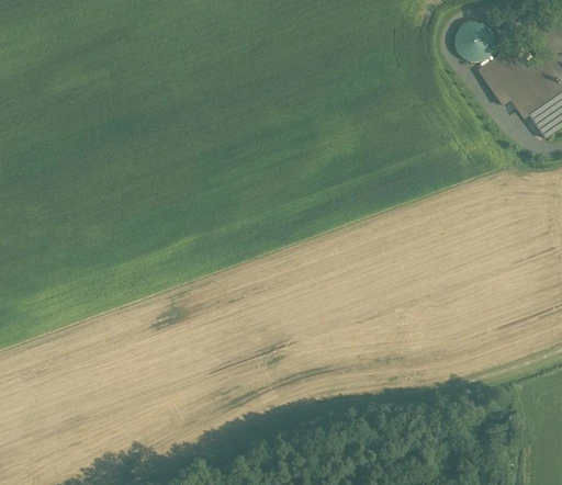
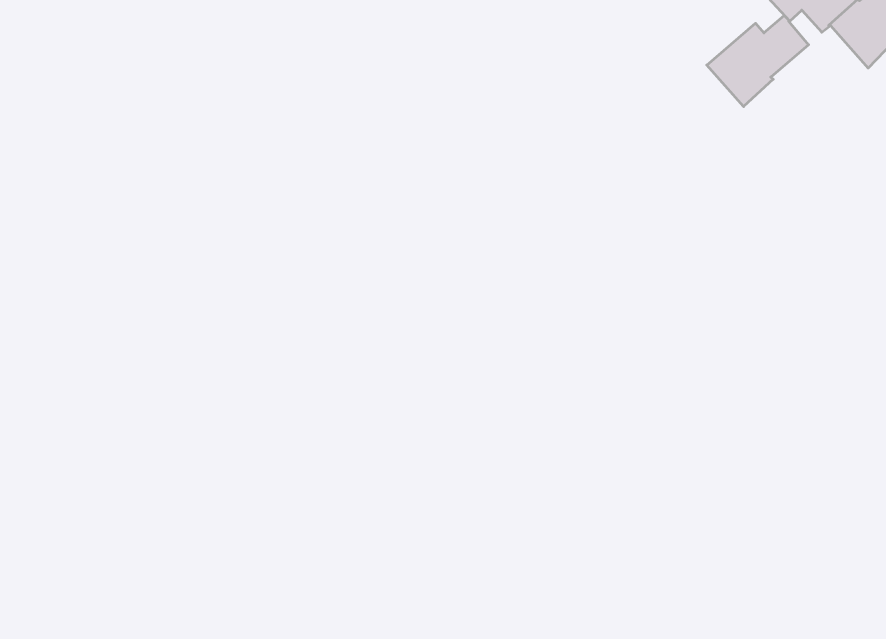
building: none -> [707,15,809,107]

